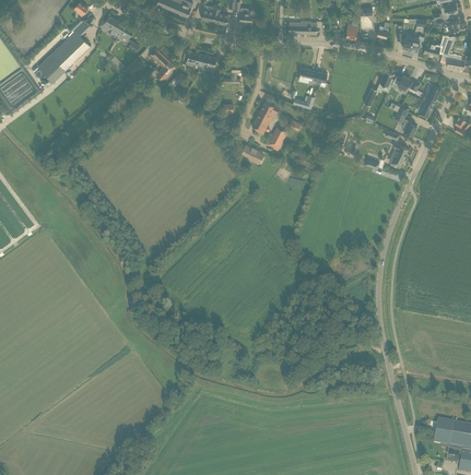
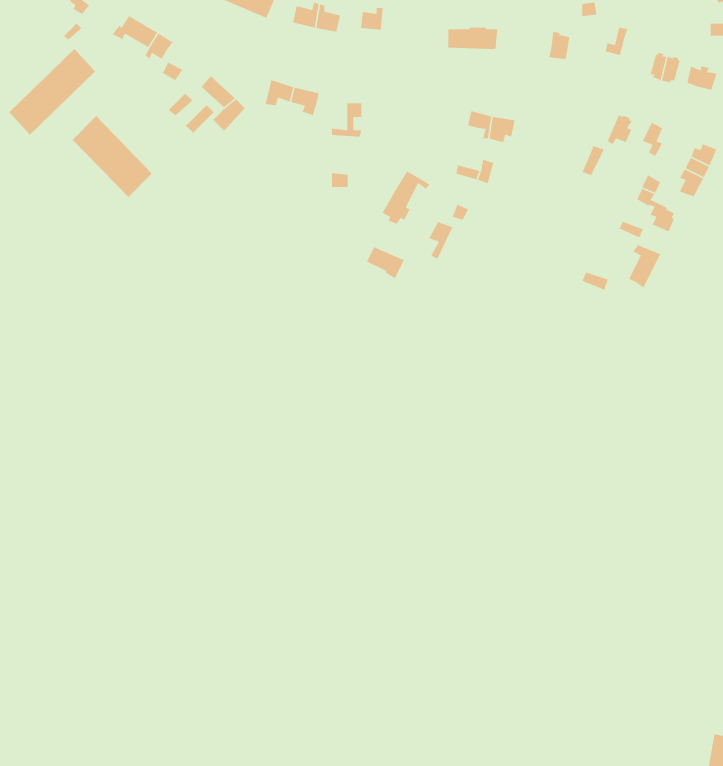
building: none -> [72,115,153,198]

